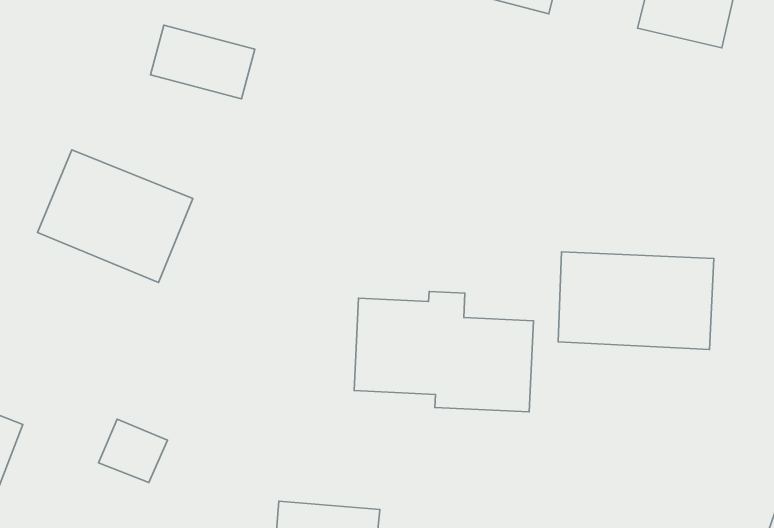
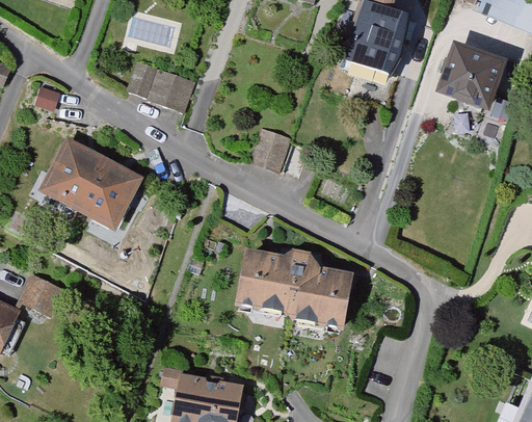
building: none -> [246,129,290,175]
building: [558,252,714,350] -> none
building: [98,419,167,482] -> [18,271,63,314]

